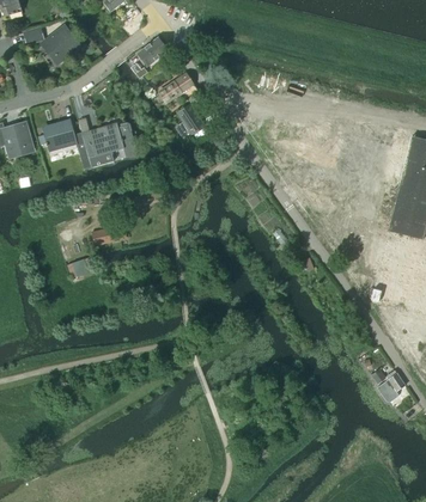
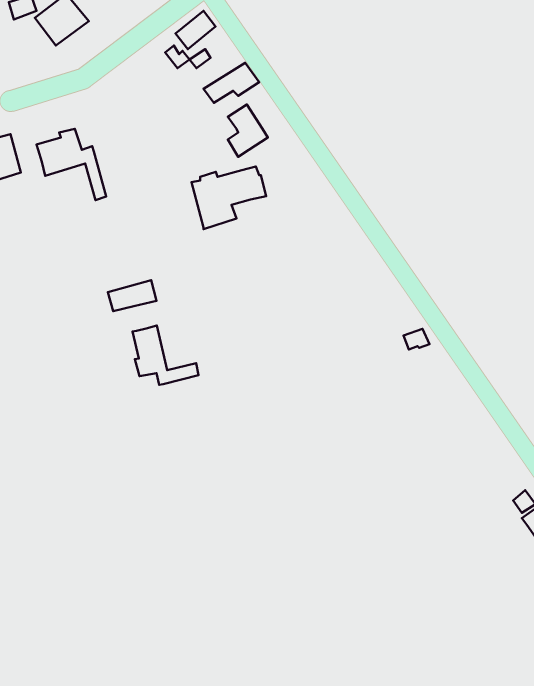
building: [83,123,134,166] -> [191,167,266,229]
building: none -> [132,325,199,385]

